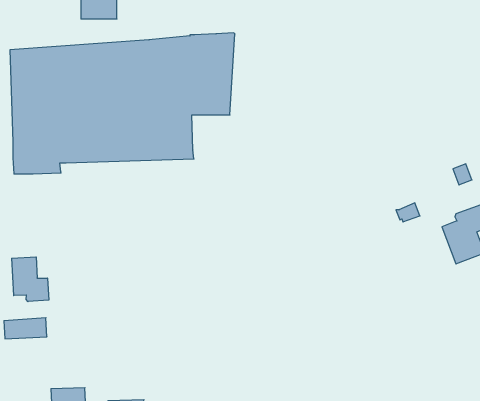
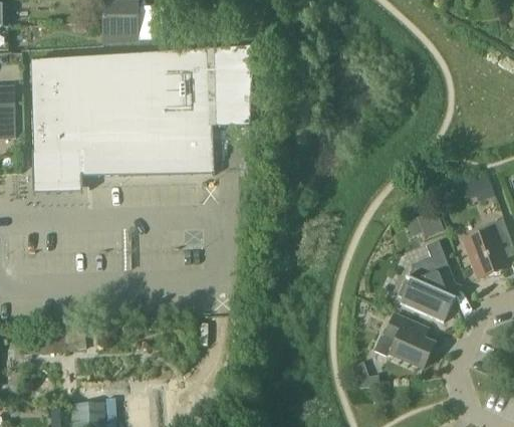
building: none -> [398,239,454,321]
building: [12,257,49,302] -> none
building: none -> [374,312,434,368]

